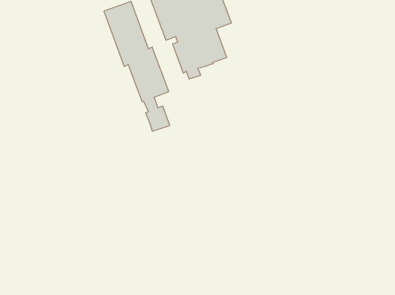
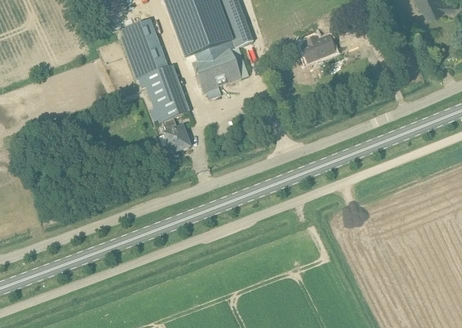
building: none -> [300,36,333,61]

